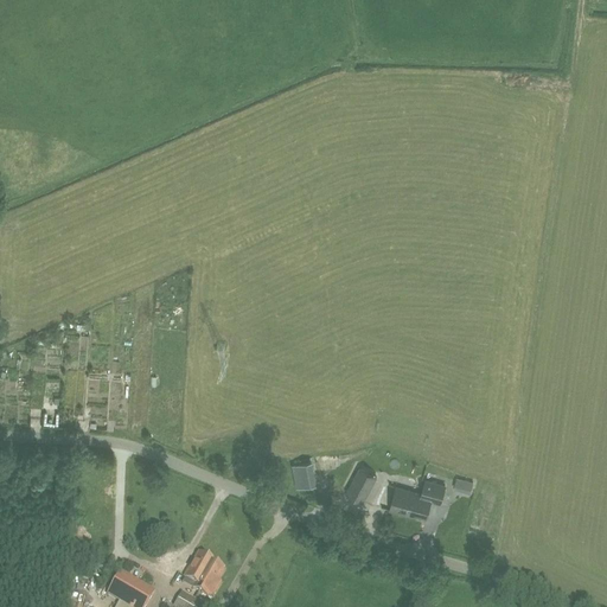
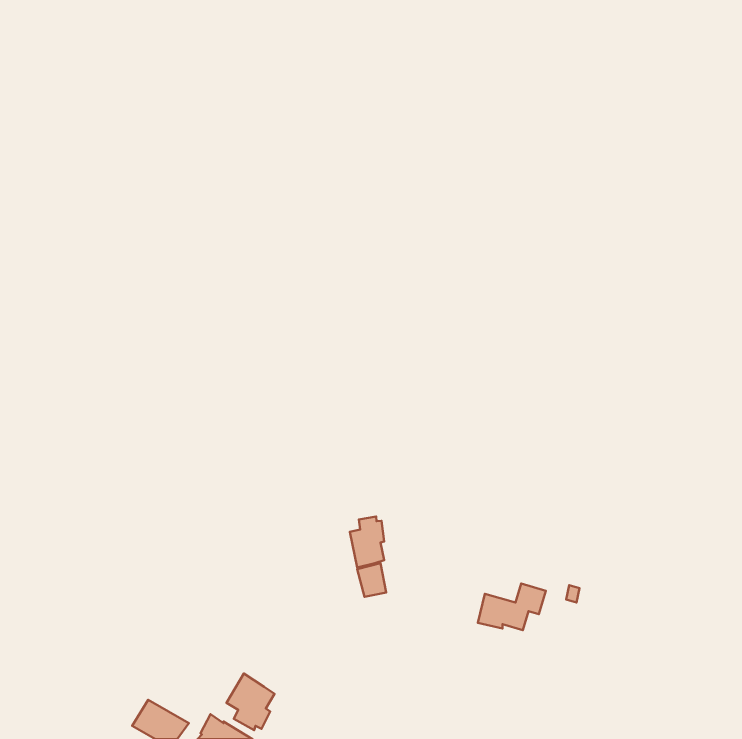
building: none -> [350,516,384,567]
building: [346,466,376,500] -> none

